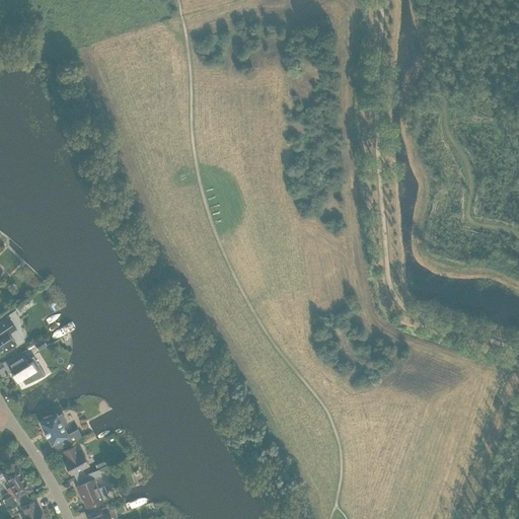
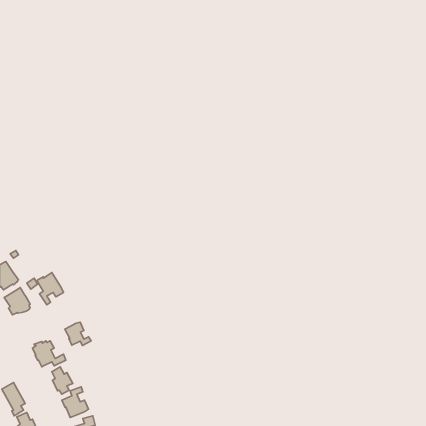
building: none -> [37,273,64,305]
building: none -> [65,322,91,345]

